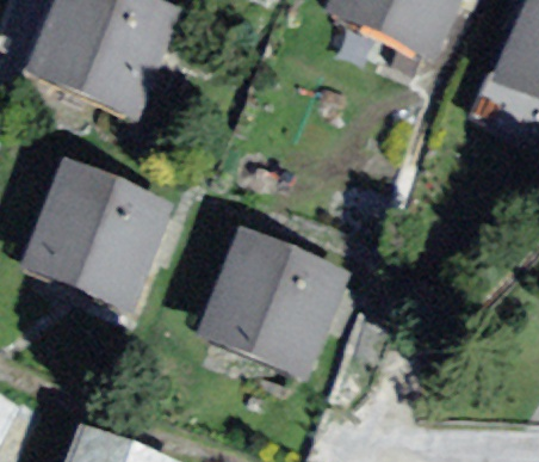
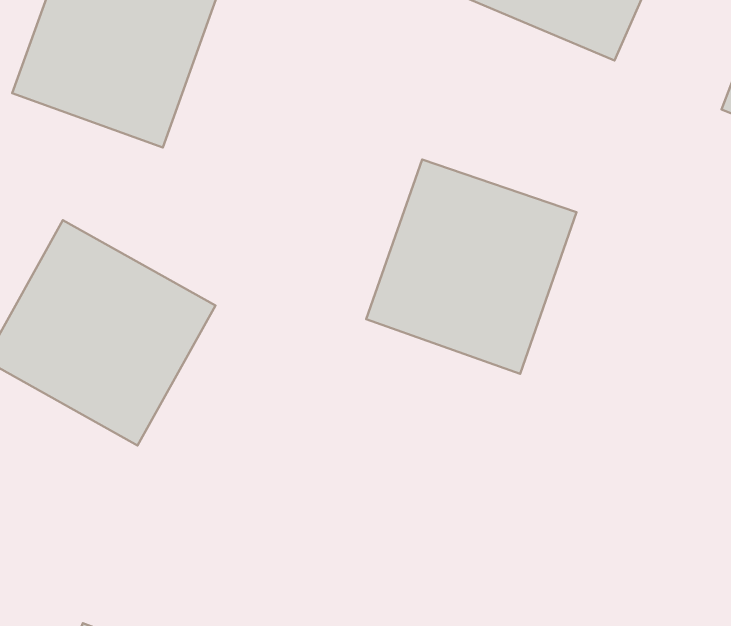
building: [206,234,345,375] -> [366,160,577,374]

